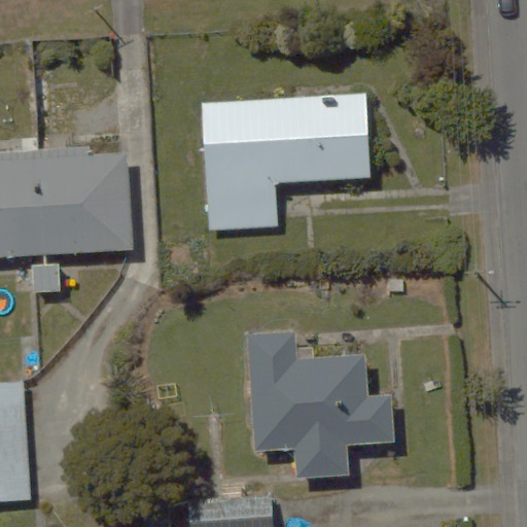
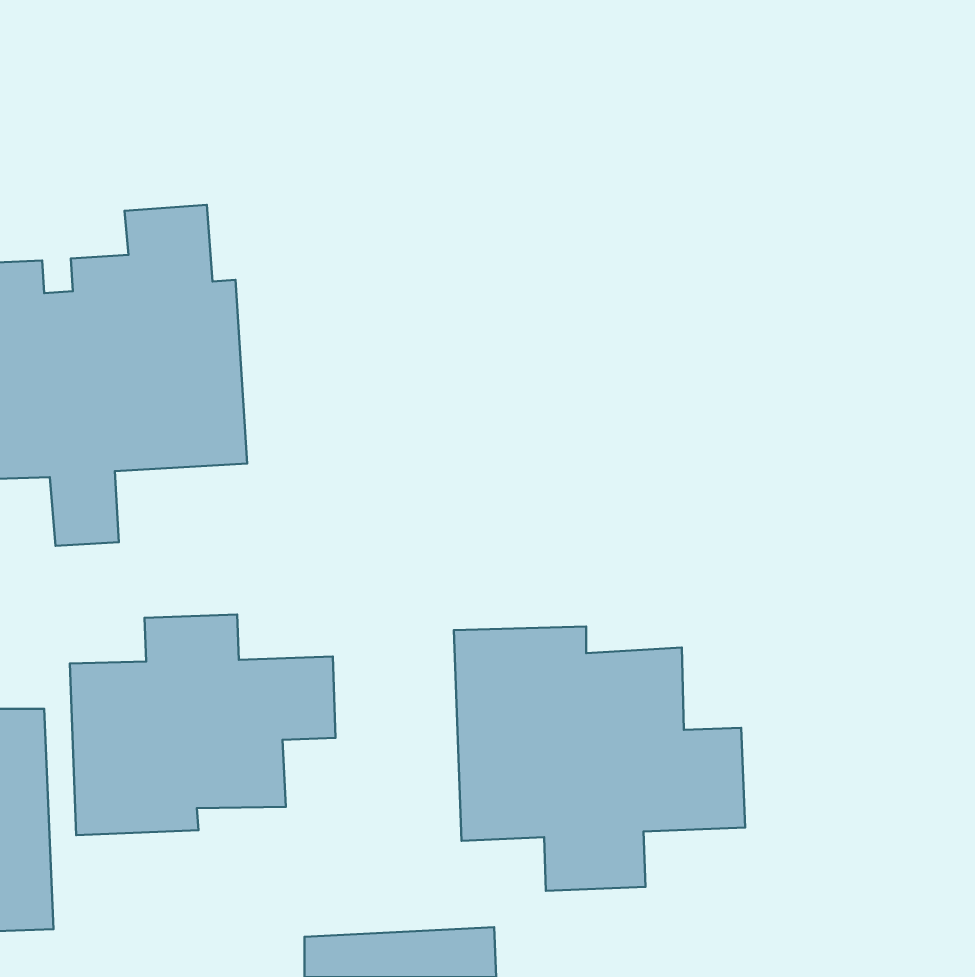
building: [198,94,375,230] -> none
building: none -> [70,615,336,835]

